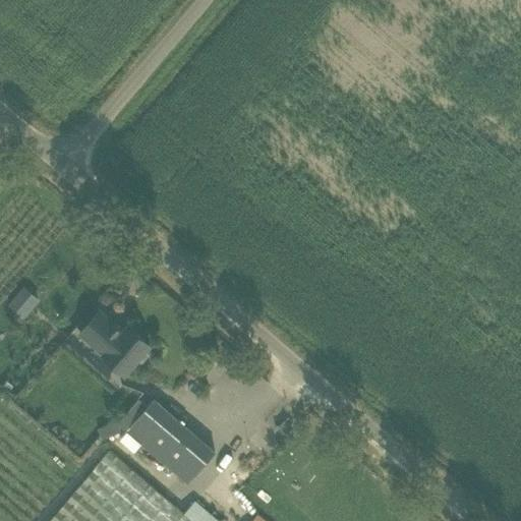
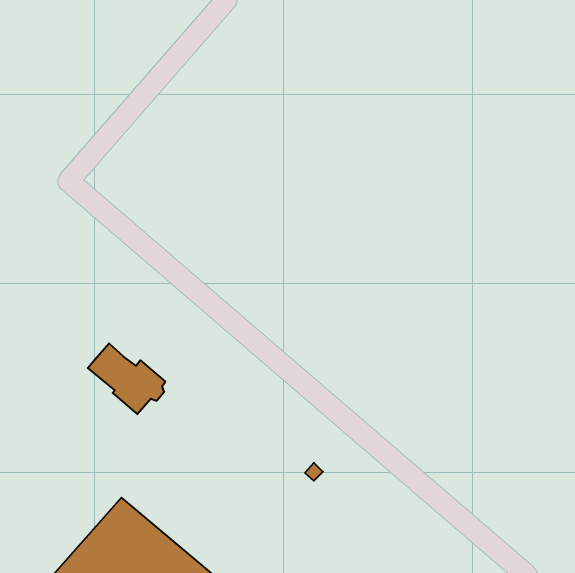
building: [7,287,40,320] -> none
building: [118,401,215,484] -> none

